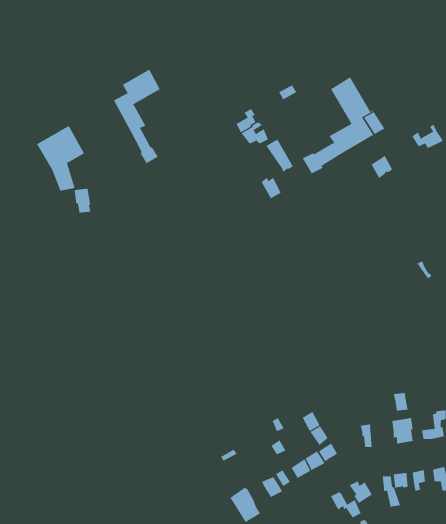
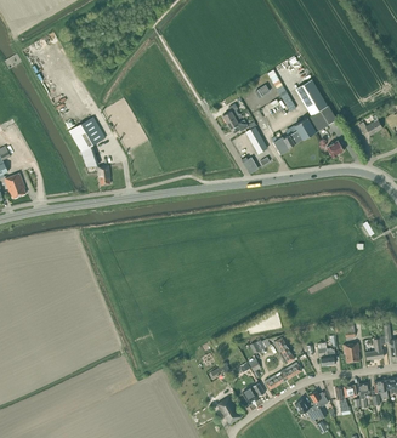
building: [113,69,160,164] -> none

